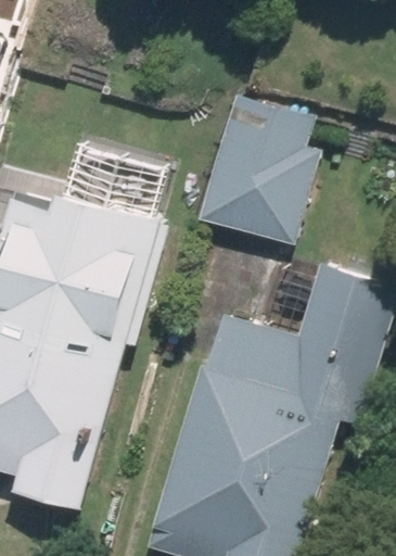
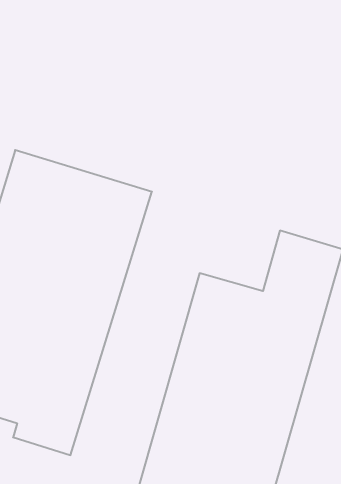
building: [194,99,324,250] -> none

